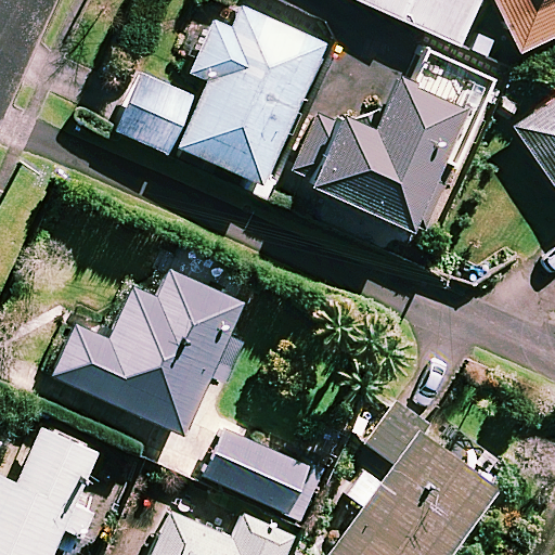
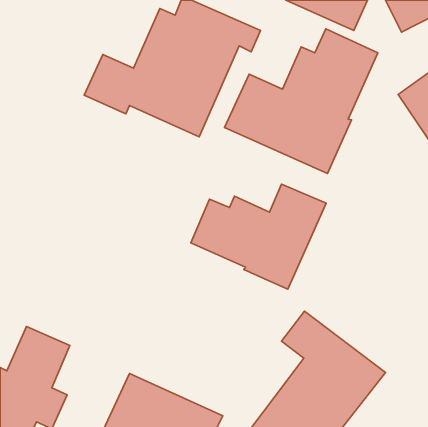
building: none -> [191,184,326,289]
building: [52,268,243,434] -> none
building: [199,427,309,515] -> none

